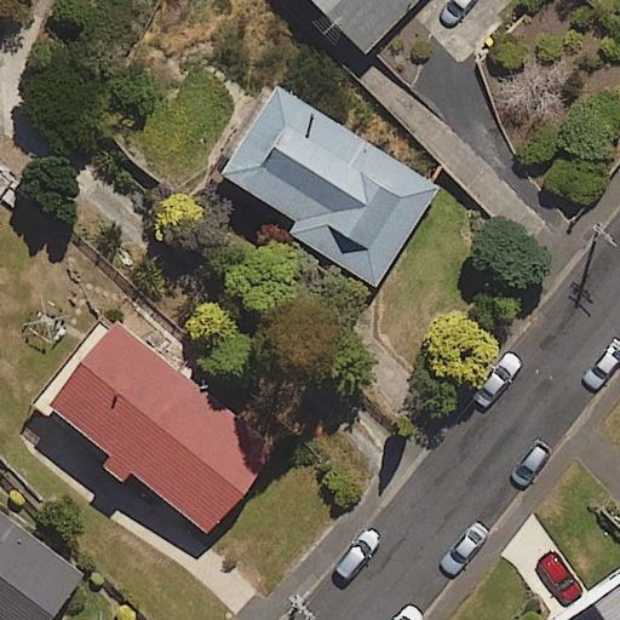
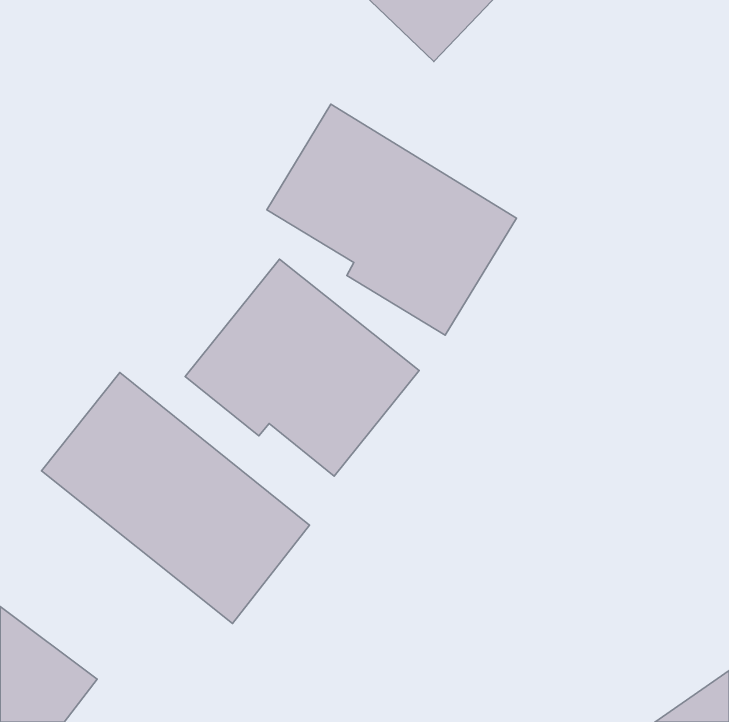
building: none -> [185,259,419,476]

